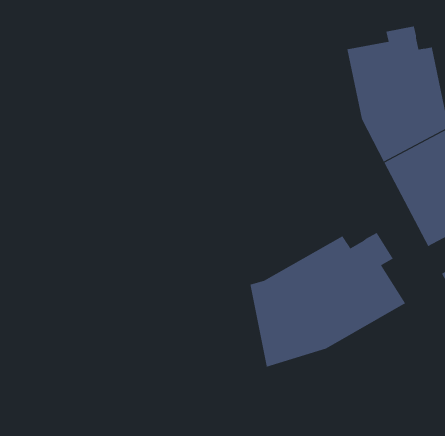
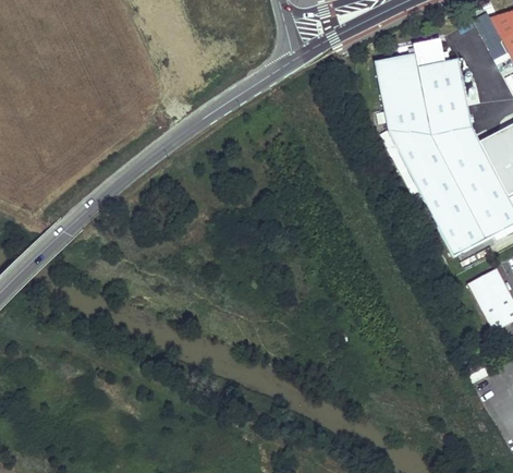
building: [250,232,406,367] -> none

